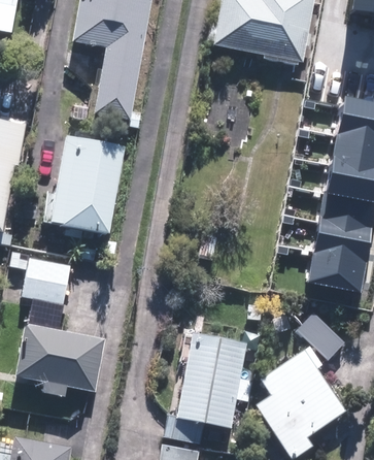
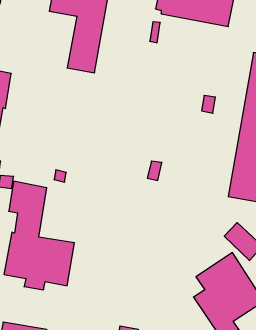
building: [53,139,127,235] -> none
building: [165,333,246,441] -> none

